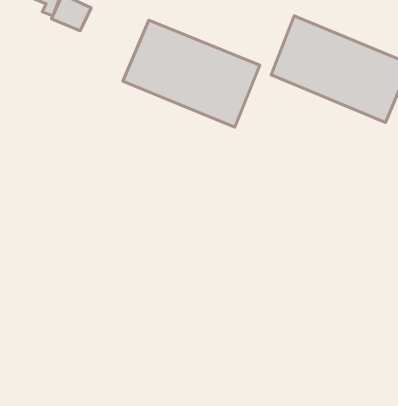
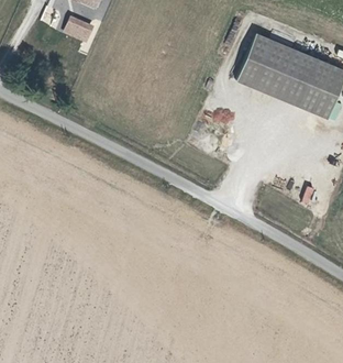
building: [123,20,260,127] -> none

